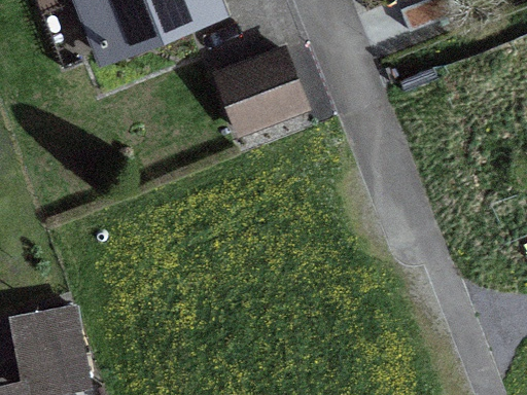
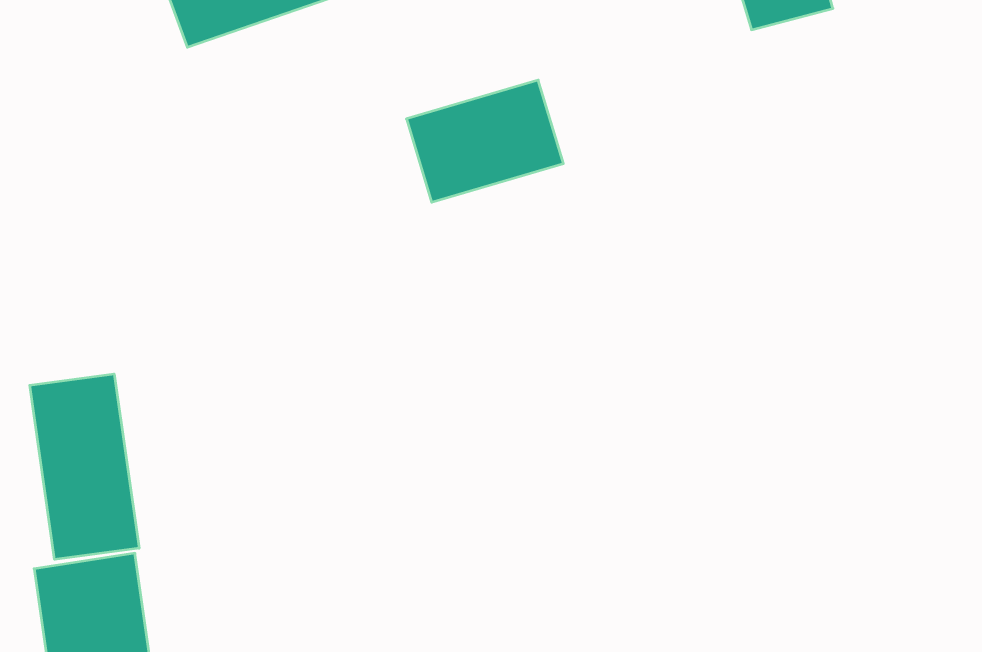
building: none -> [30,374,139,559]

